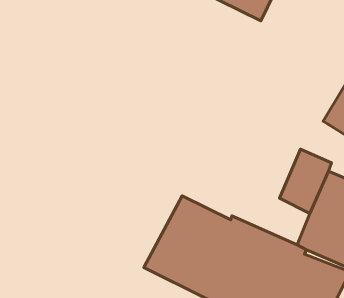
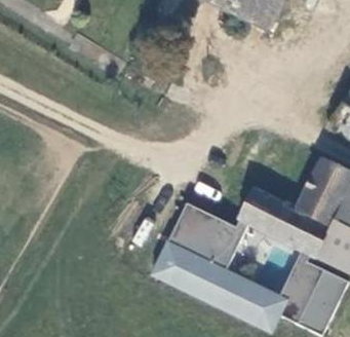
building: none -> [225,185,314,251]

